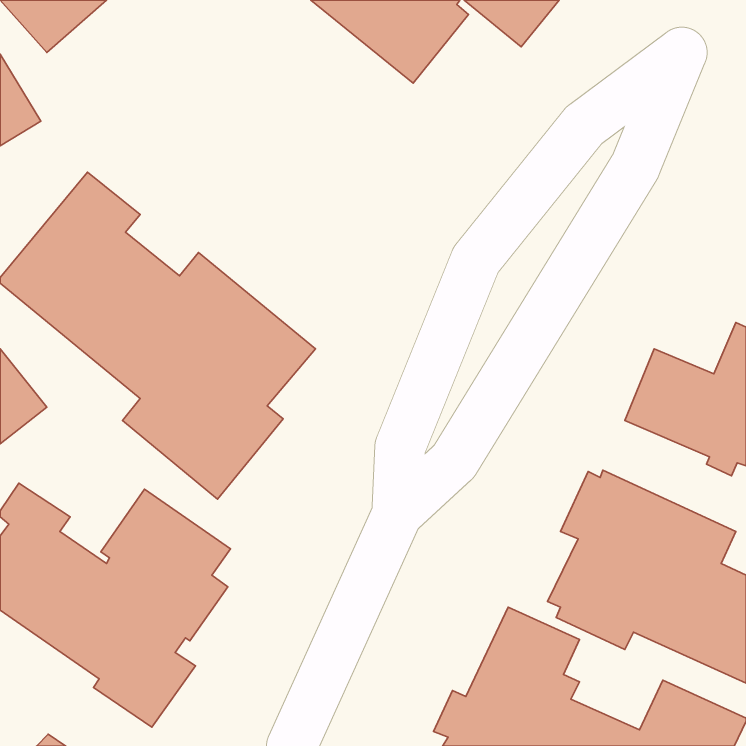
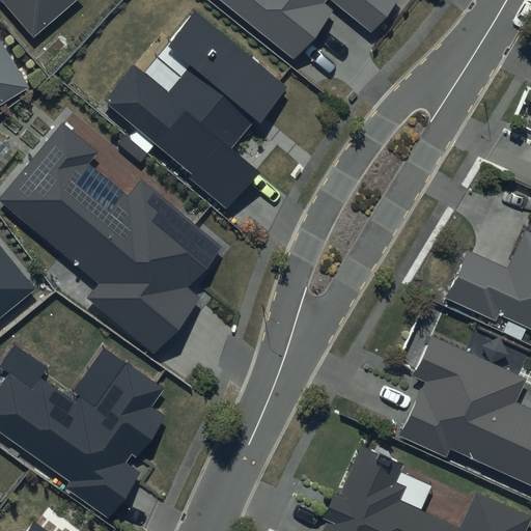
building: none -> [105,9,290,209]

